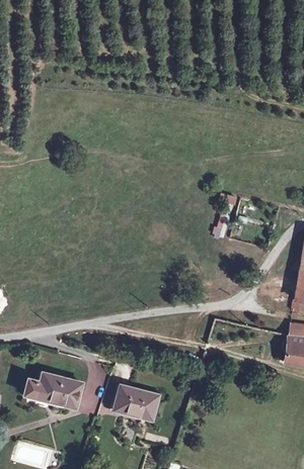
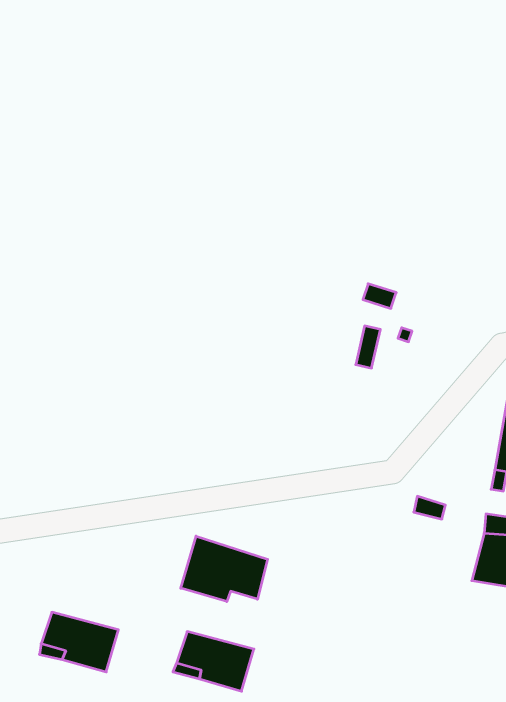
building: none -> [181,536,268,602]

